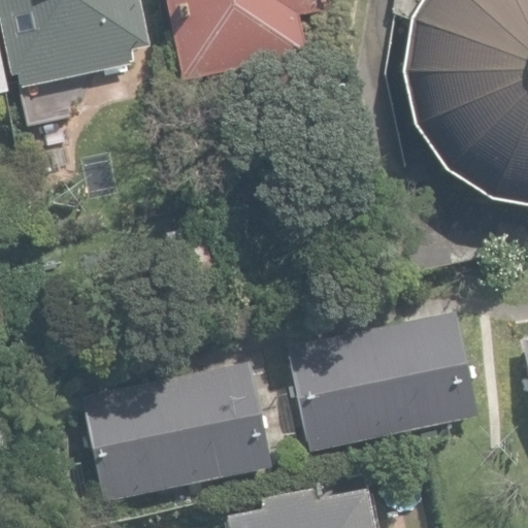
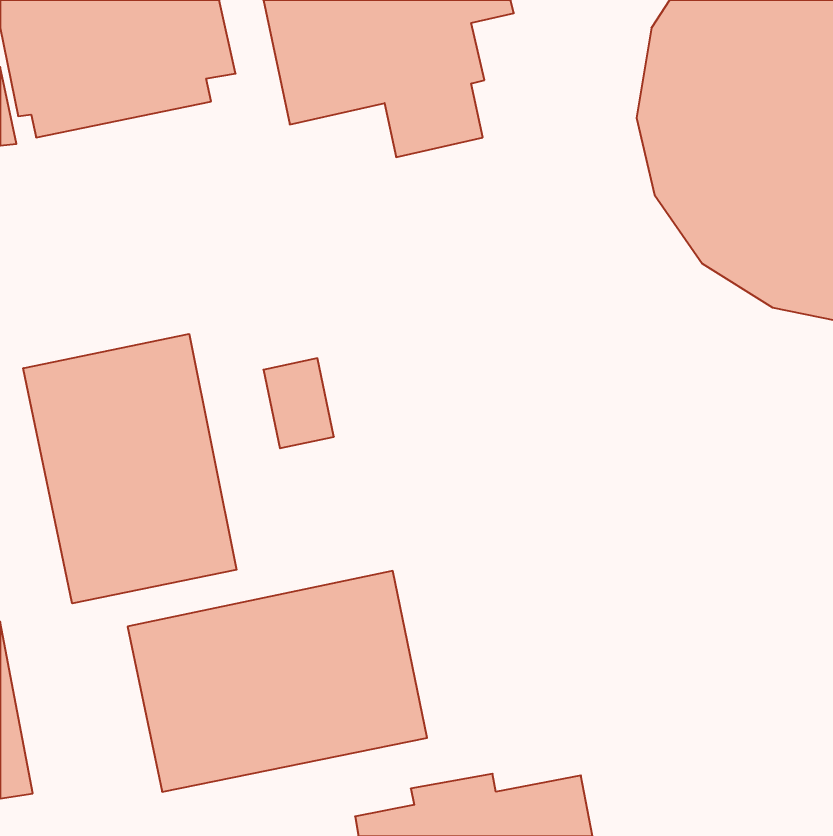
building: none -> [23,334,237,603]
building: [289,309,477,449] -> none

